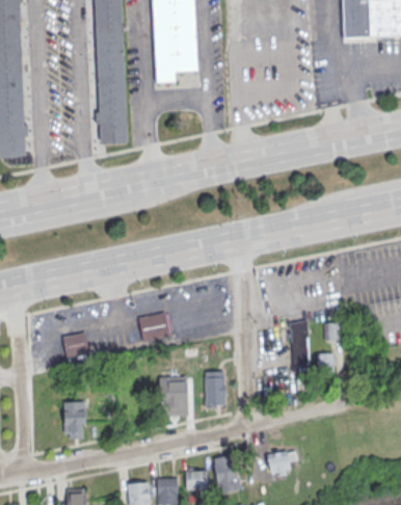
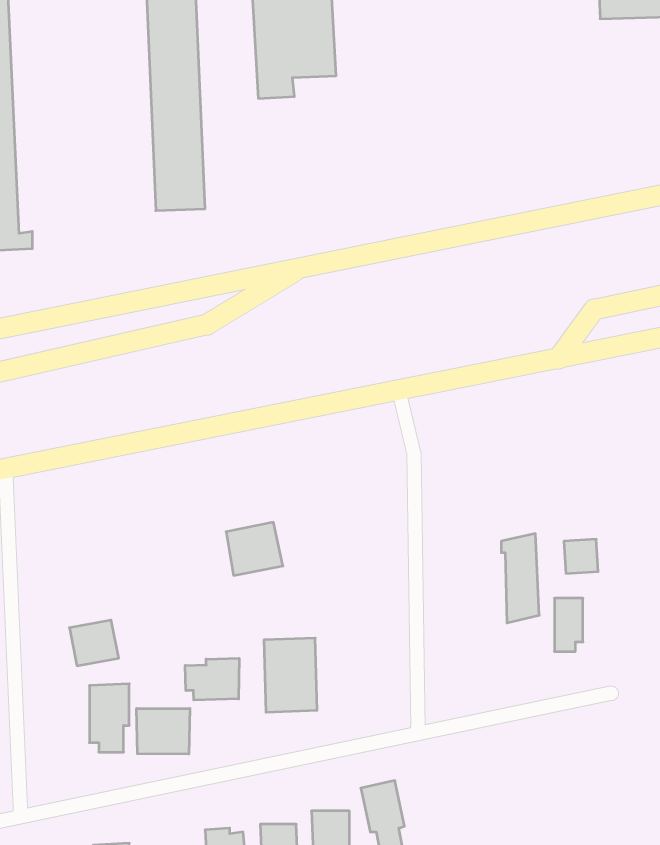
building: [63,333,90,357] -> [69,620,119,666]
building: [205,371,226,405] -> none
building: none -> [185,658,239,700]
building: none -> [137,708,190,754]
building: [268,451,291,473] -> none

